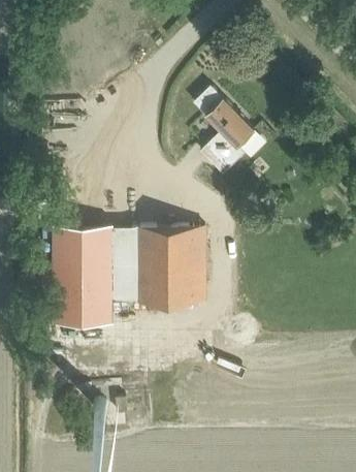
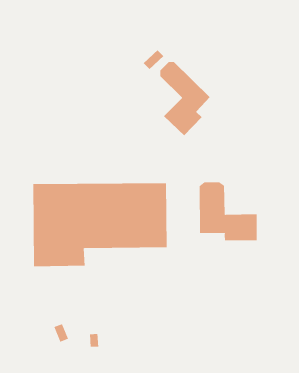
building: none -> [199,181,257,241]

